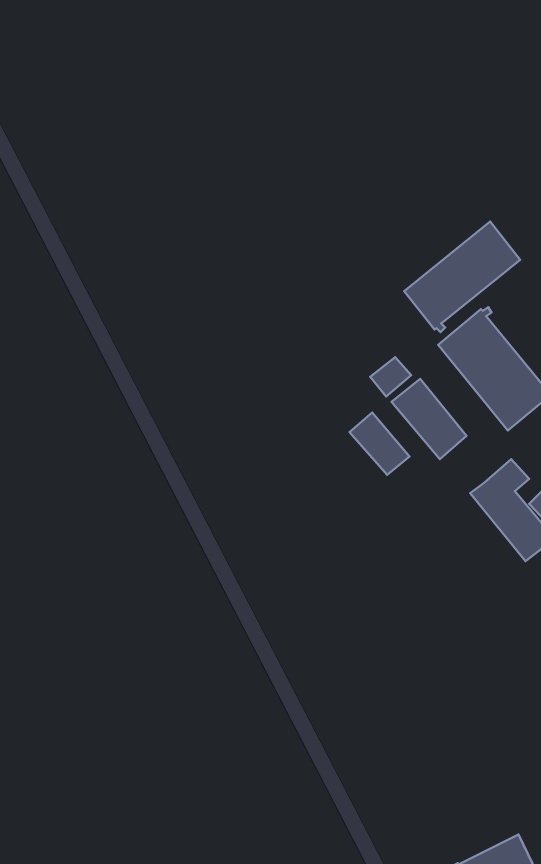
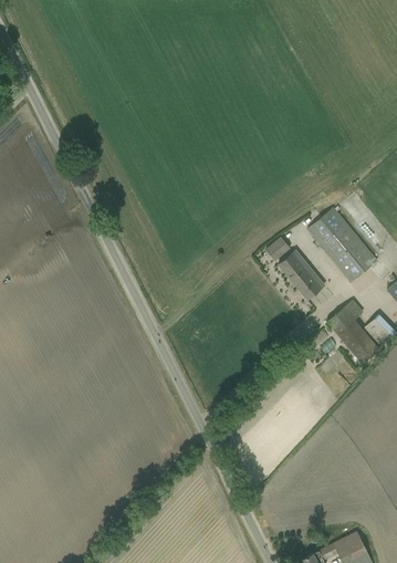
building: [404,221,520,332] -> none
building: [350,412,409,475] -> none

